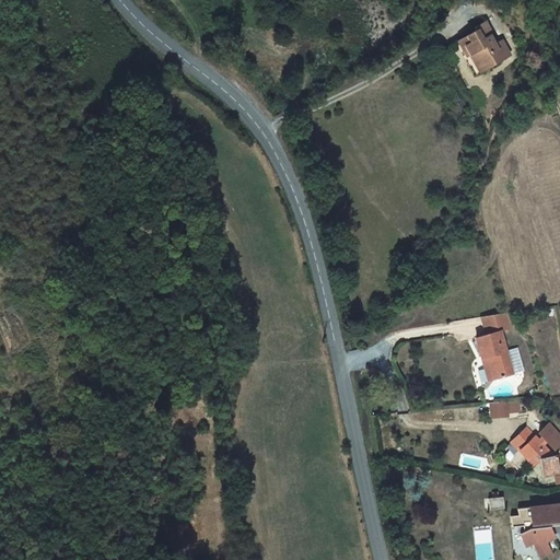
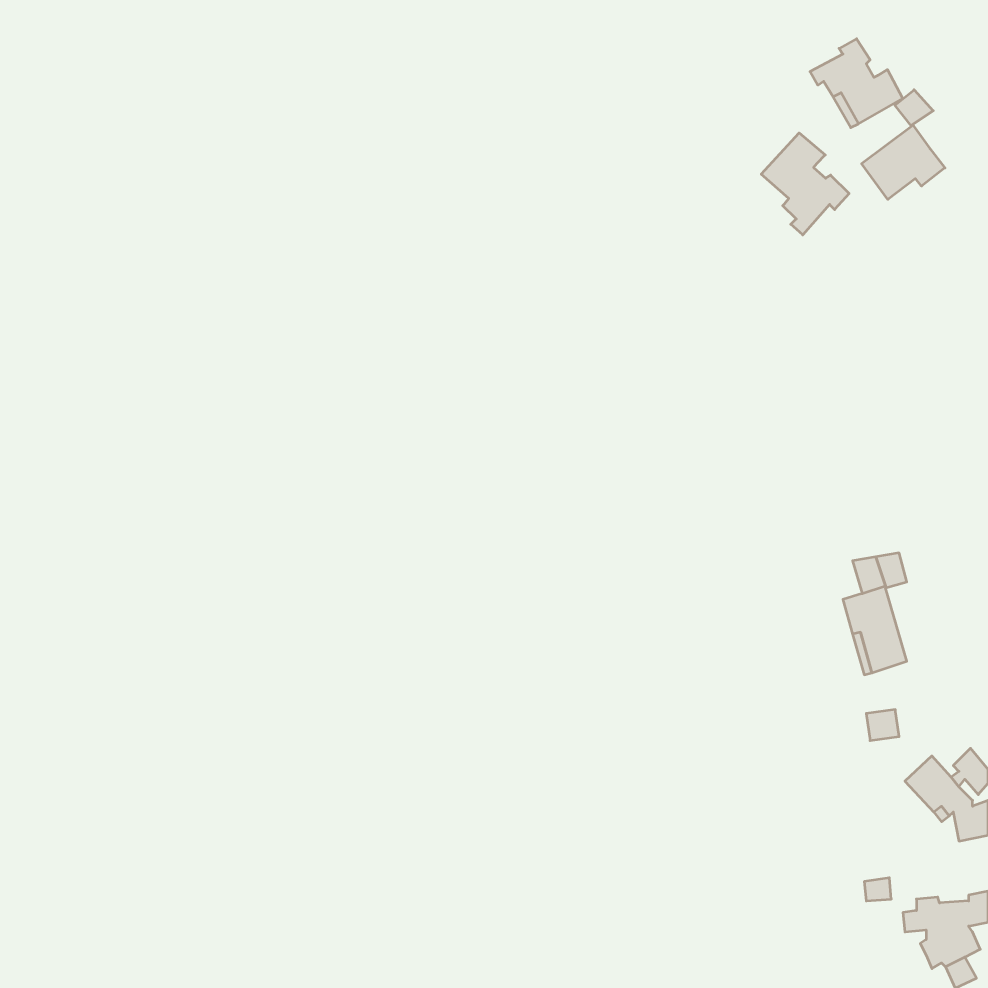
building: none -> [862,90,945,199]
building: none -> [761,133,849,235]

